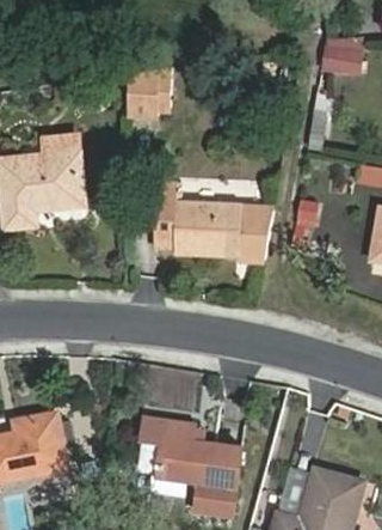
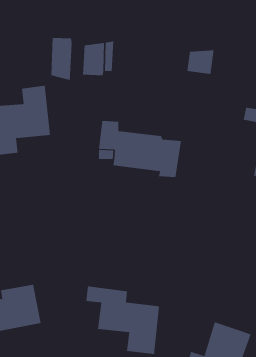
building: [321,36,361,71] -> [187,50,215,74]
building: none -> [51,37,72,81]

